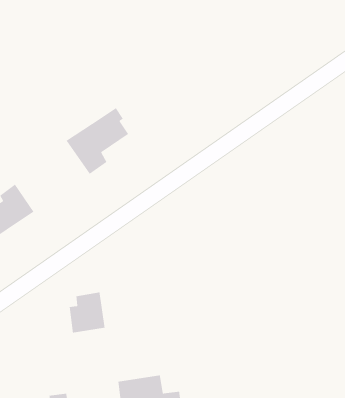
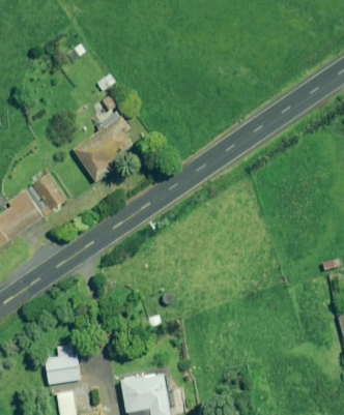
building: none -> [32,173,66,210]
building: [69,291,106,333] -> [46,344,81,384]

